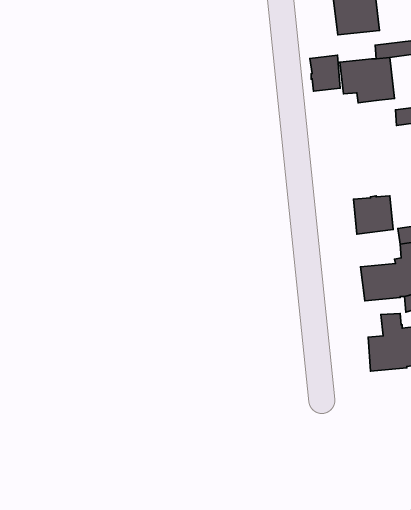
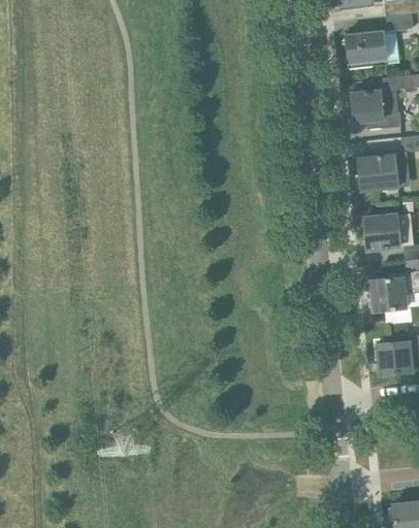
building: [310,55,340,91] -> none
building: none -> [356,150,397,191]

